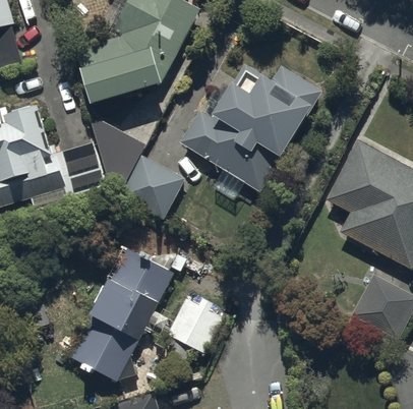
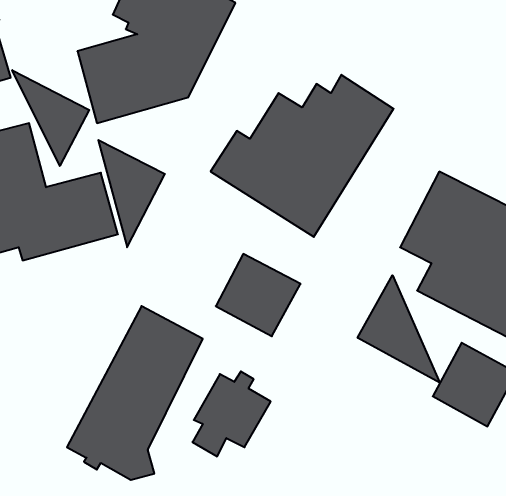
building: none -> [12,70,89,166]
building: [119,155,185,219] -> [216,254,301,336]
building: none -> [358,275,440,383]

